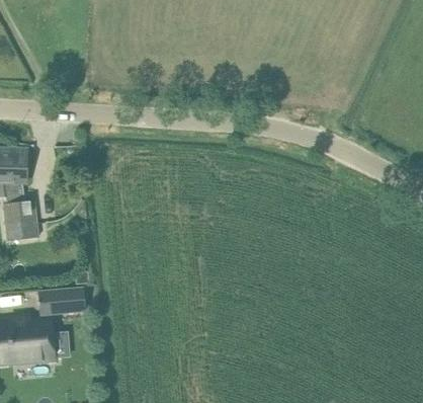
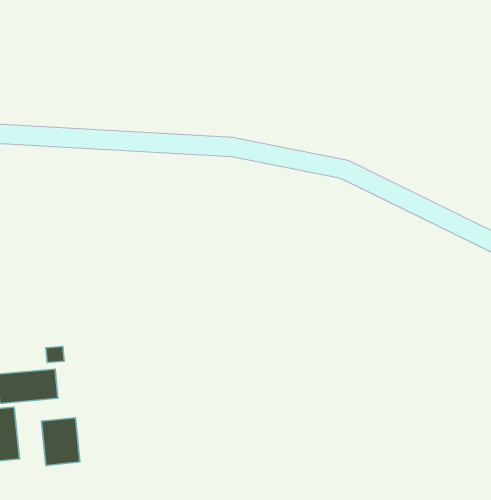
building: none -> [41,418,80,465]

